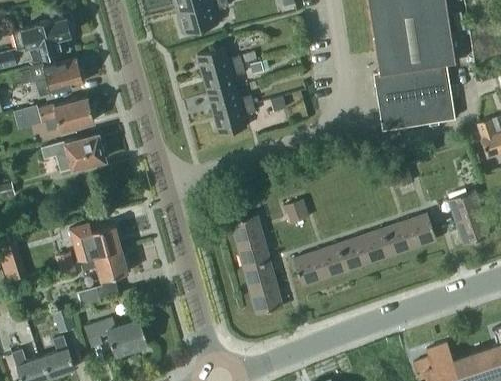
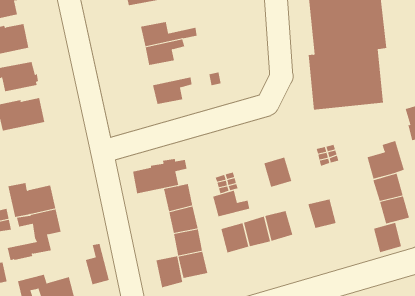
building: [208,88,253,115] -> none
building: none -> [367,140,404,179]
building: none -> [132,158,187,194]
building: [405,214,436,247] -> [373,222,402,253]
building: none -> [212,190,250,217]
building: [360,229,391,262] -> [263,157,292,188]
building: none -> [85,243,109,285]
building: none -> [156,255,183,288]

